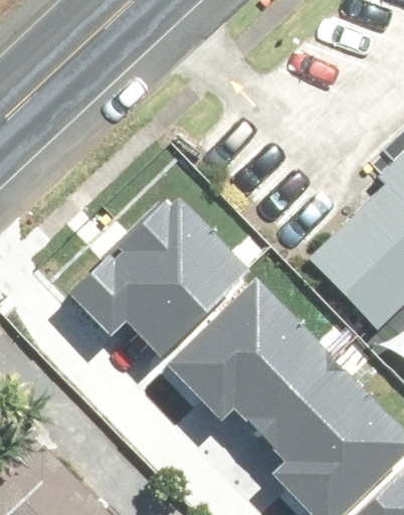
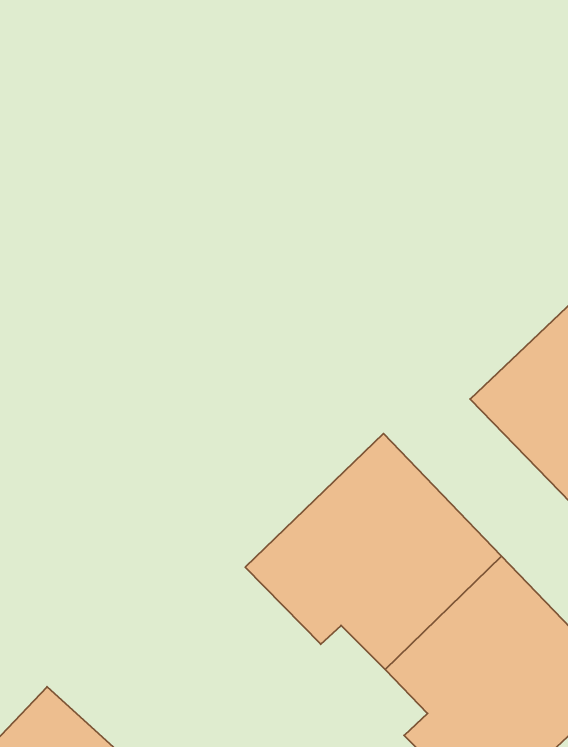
building: [73,202,241,355] -> none

